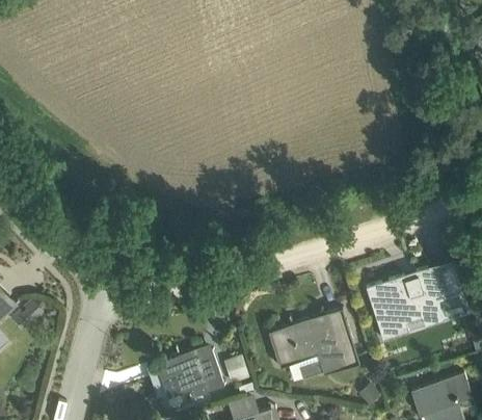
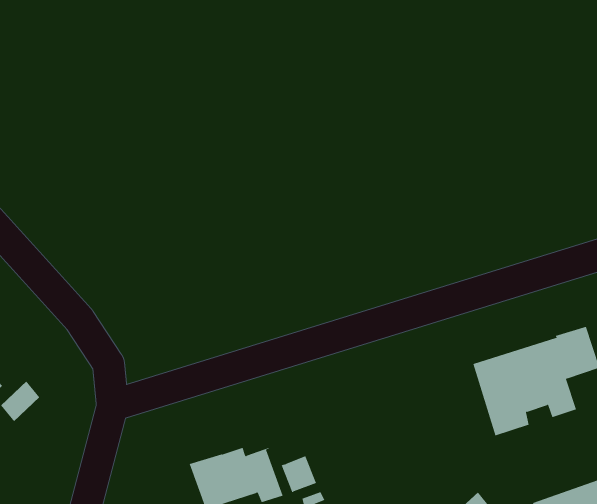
building: [266,309,358,379] -> none

